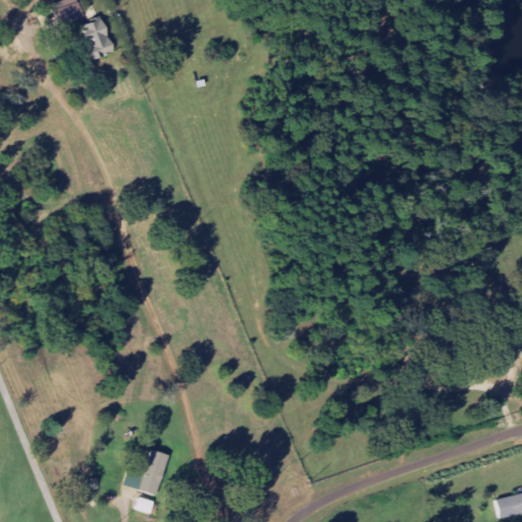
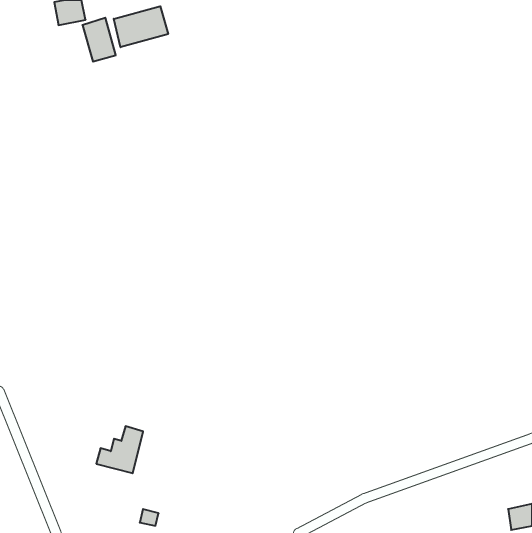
building: none -> [114,6,168,47]
building: [123,450,169,495] -> [96,426,143,473]

